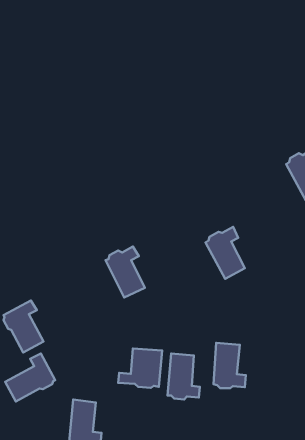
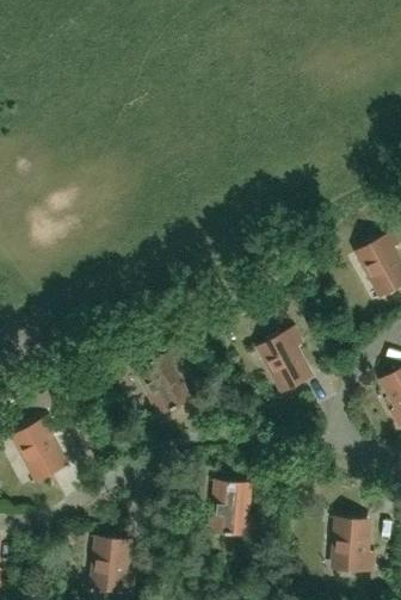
building: [213,343,246,388] -> [334,518,374,573]
building: [118,349,162,388] -> none
building: [5,354,55,401] -> none

